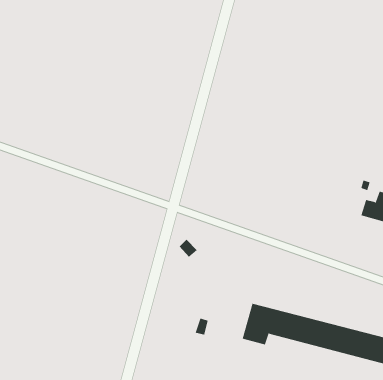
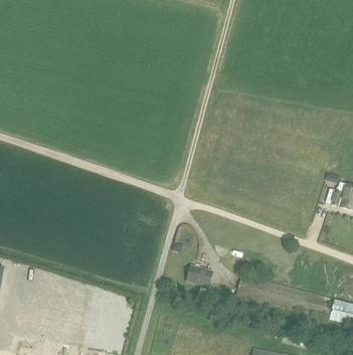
building: none -> [186,267,212,288]

